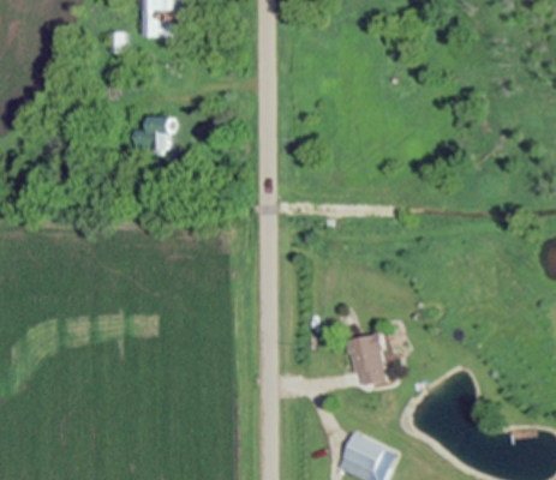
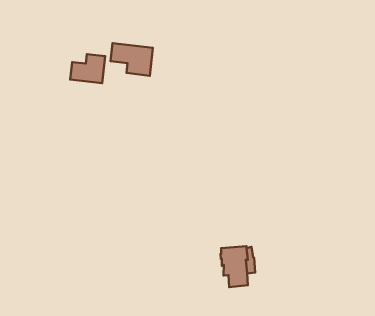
building: none -> [110,43,153,76]

